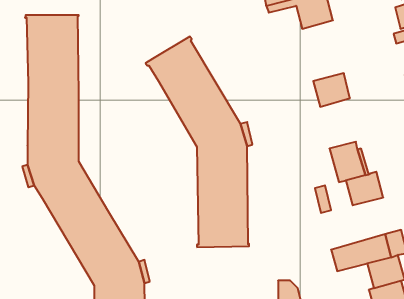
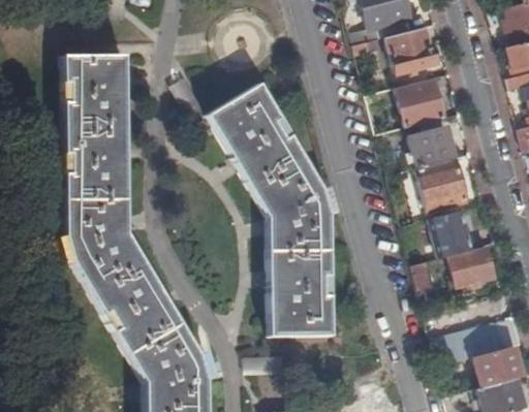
building: none -> [396,77,444,128]
building: none -> [417,157,467,211]

